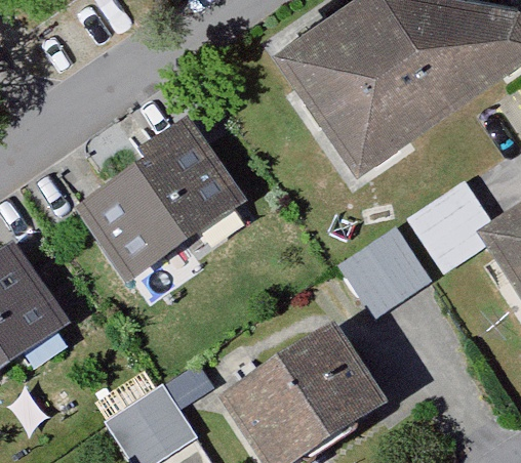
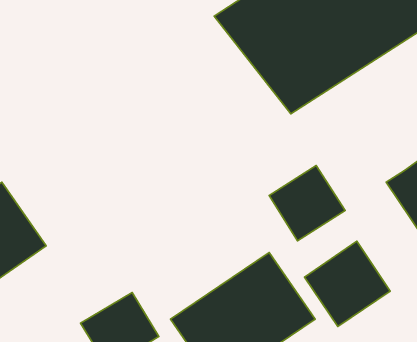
building: [65,120,245,289] -> none
building: [406,176,504,271] -> none
building: none -> [304,241,390,326]

